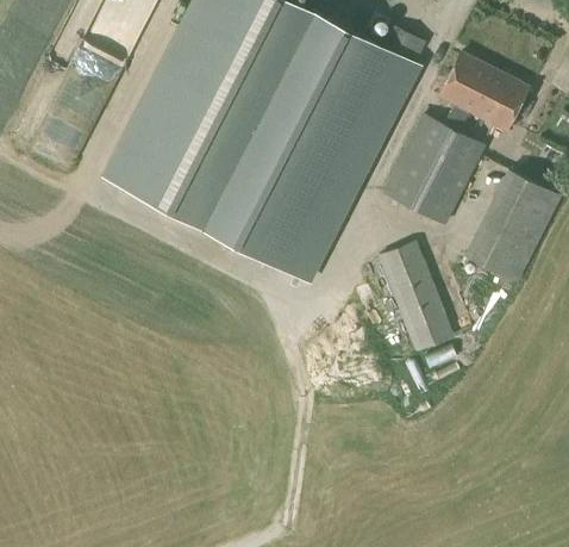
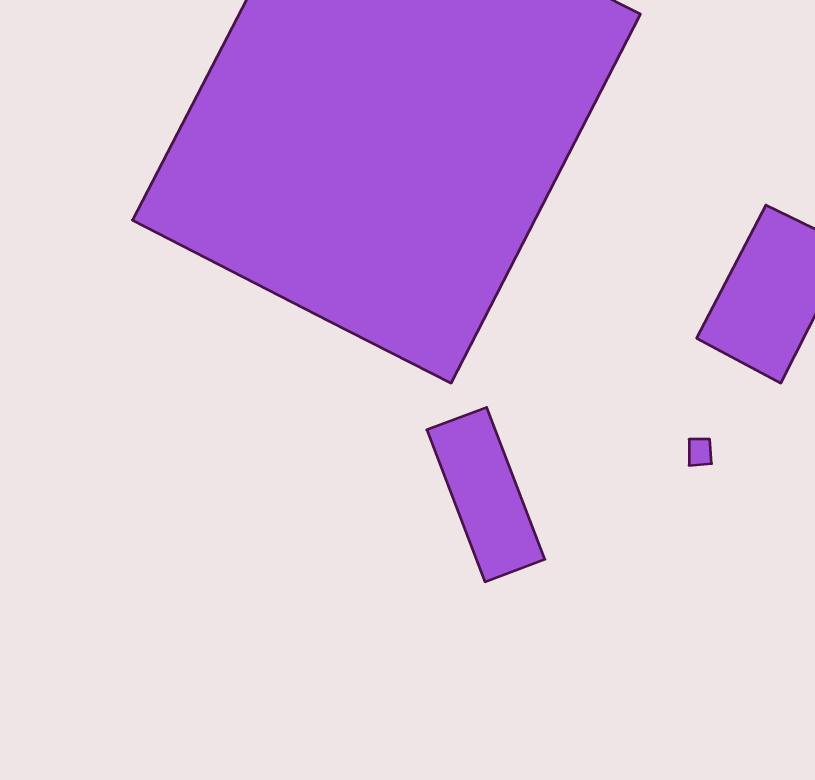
building: [382,54,527,226] -> none
building: [377,242,452,353] -> [427,407,545,582]

